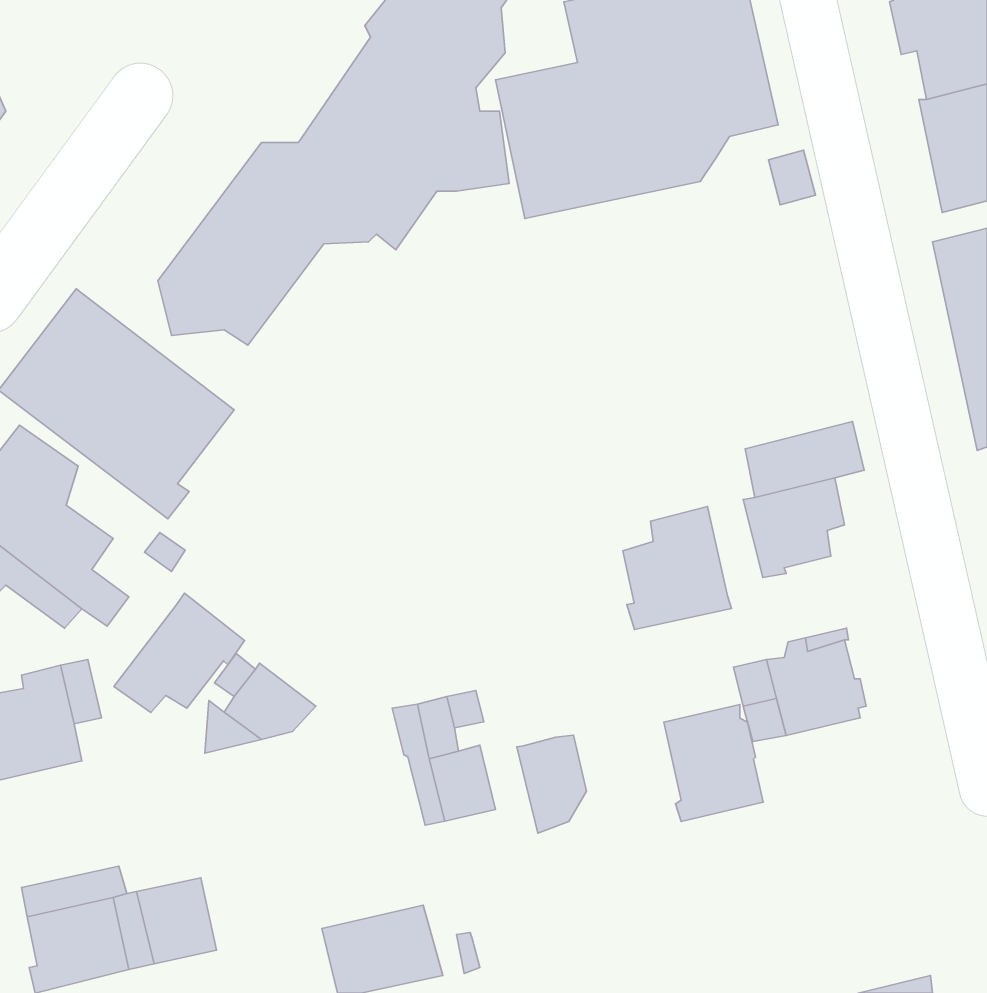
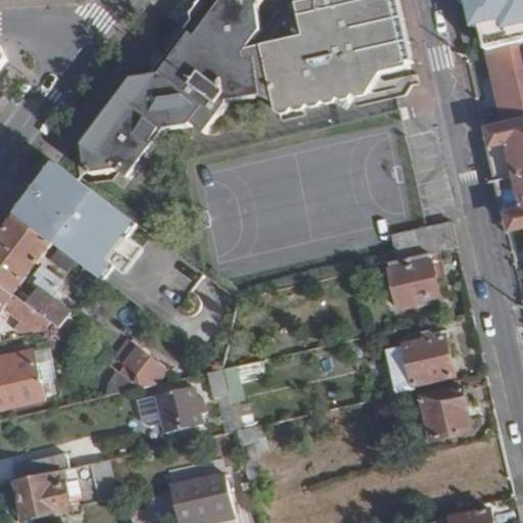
building: [623,507,731,630] -> none
building: [114,593,244,713] -> none
building: [664,704,763,822] -> [418,378,470,439]
building: [517,735,586,833] -> none
building: none -> [149,386,201,432]

